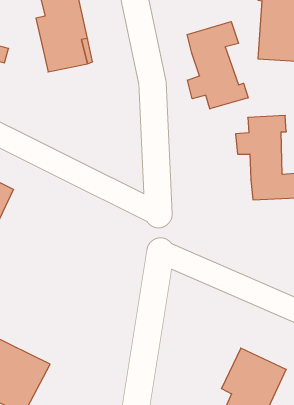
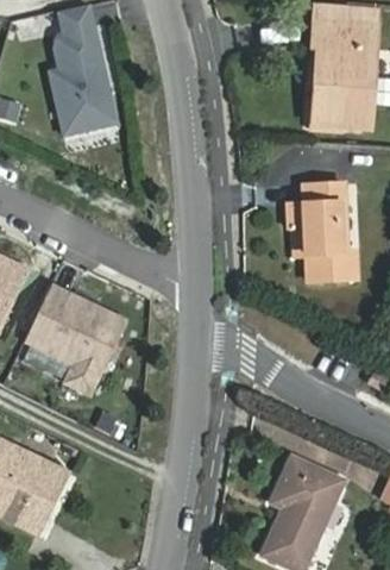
building: [187,22,248,109] -> none
building: none -> [23,286,125,395]

